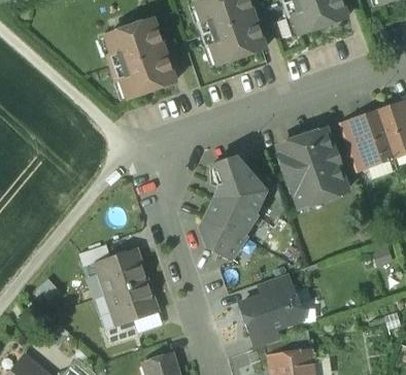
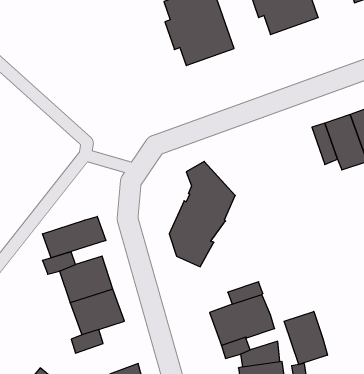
building: [106,20,174,98] -> none
building: [279,131,347,206] -> none
building: none -> [43,216,106,258]
building: none -> [284,311,327,365]

